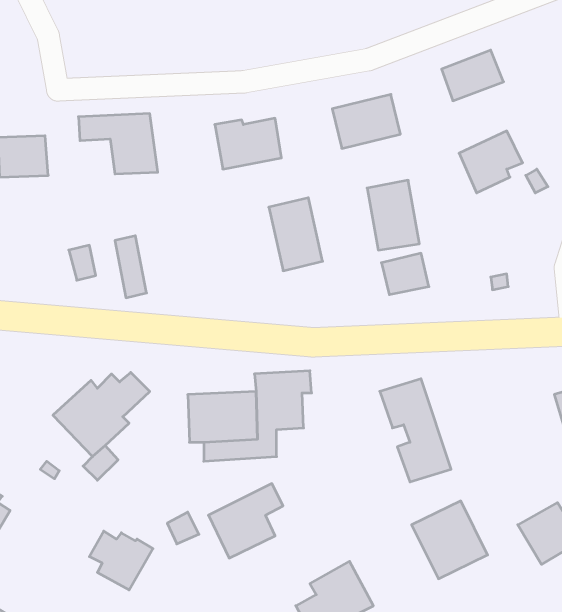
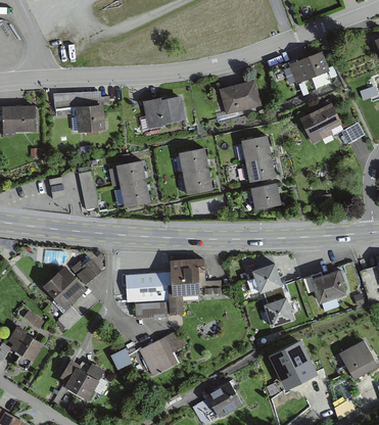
building: none -> [110,160,150,207]
building: none -> [312,268,347,304]
building: none -> [13,327,42,372]

